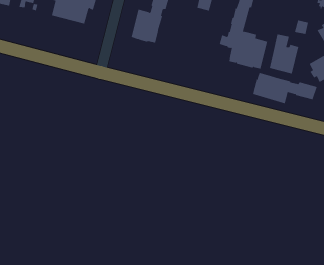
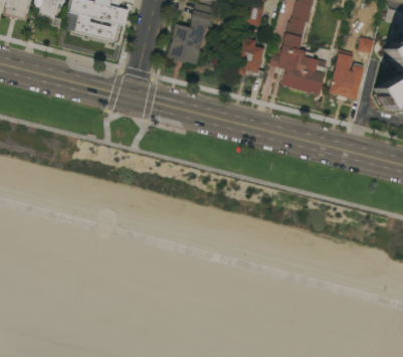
building: none -> [233,37,264,78]
building: [253,72,318,104] -> none

